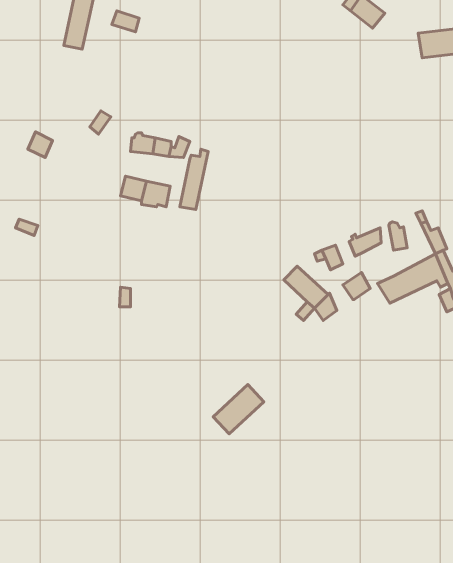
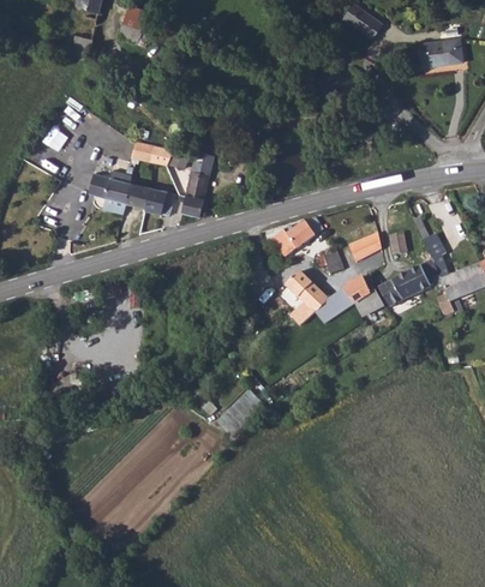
building: none -> [89,170,133,202]
building: none -> [271,216,318,256]

